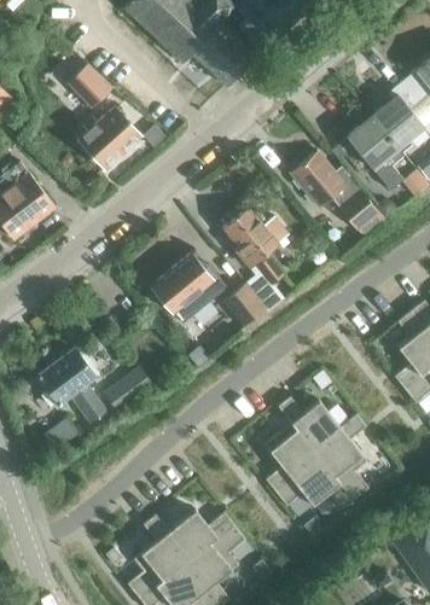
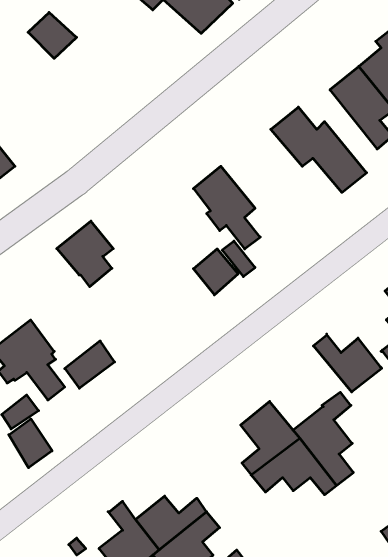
building: [80,106,141,168] -> none
building: [157,256,209,316] -> [57,221,113,287]
building: [278,396,341,449] -> [313,334,382,392]
building: none -> [9,419,52,468]

